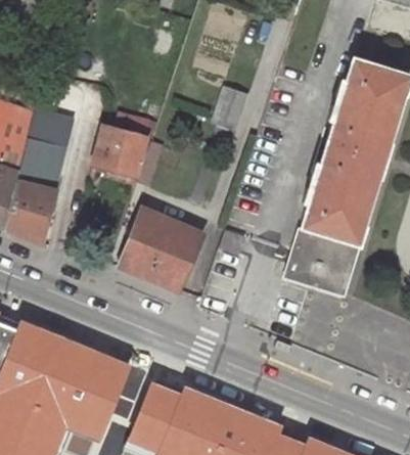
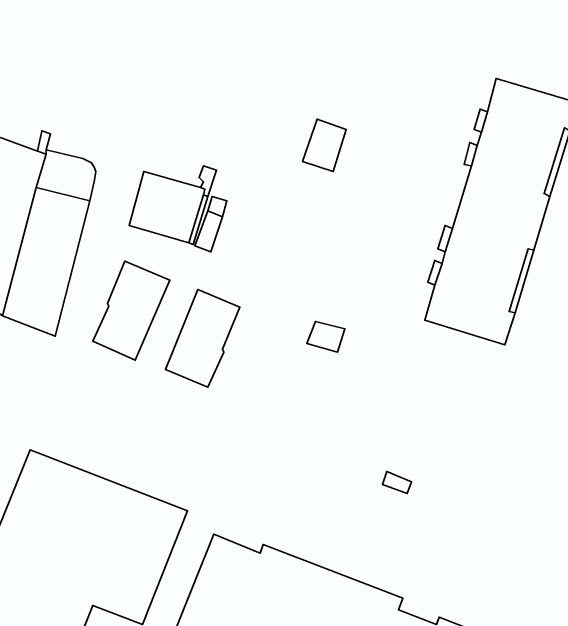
building: [148,221,202,290] -> [93,261,170,360]
building: [286,230,357,291] -> none

